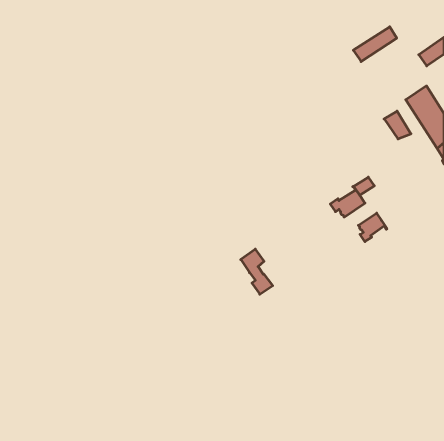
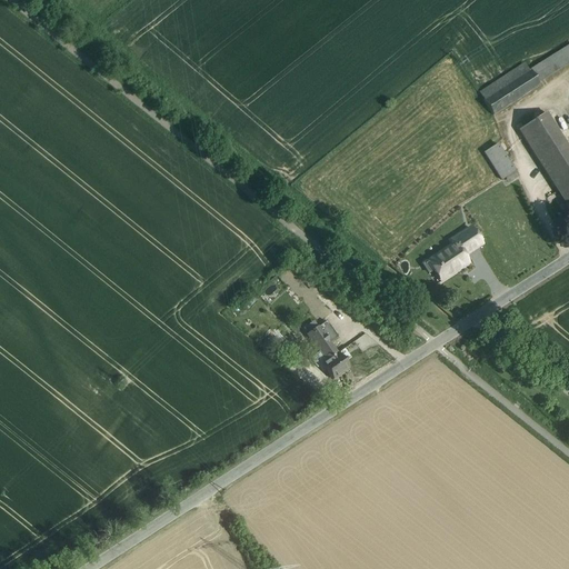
building: [353,27,397,62] -> [483,68,539,112]
building: [358,213,387,242] -> none

